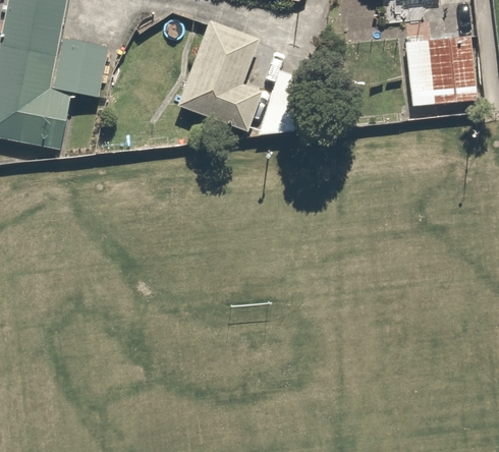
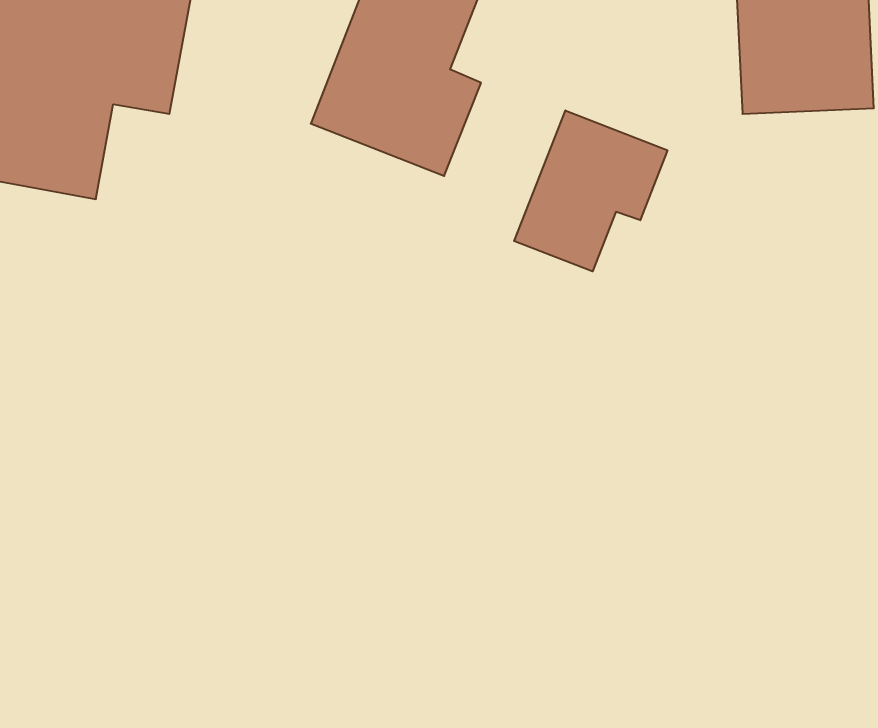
building: none -> [514,110,667,271]

